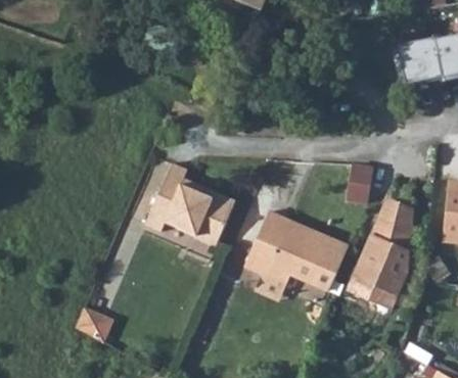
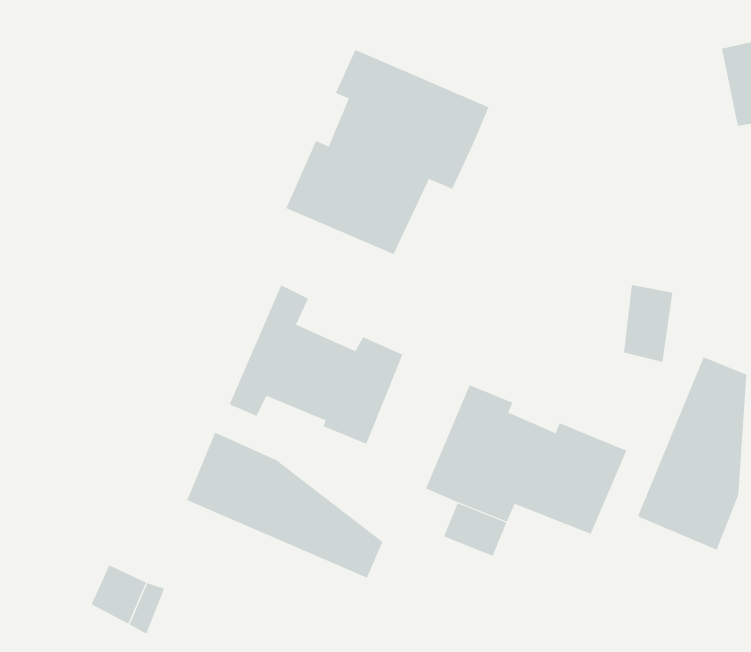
building: none -> [285,49,489,255]
building: none -> [186,432,383,579]

